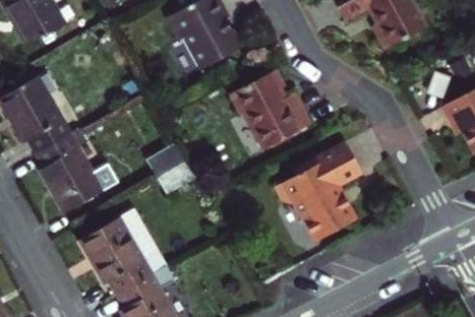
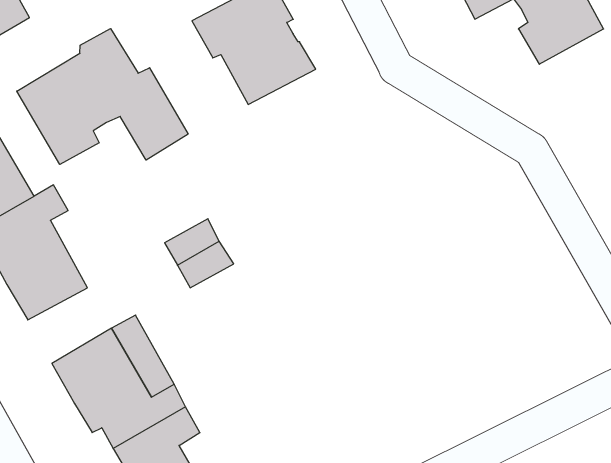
building: none -> [17,29,188,164]
building: [232,71,314,149] -> none
building: [273,140,360,240] -> none

